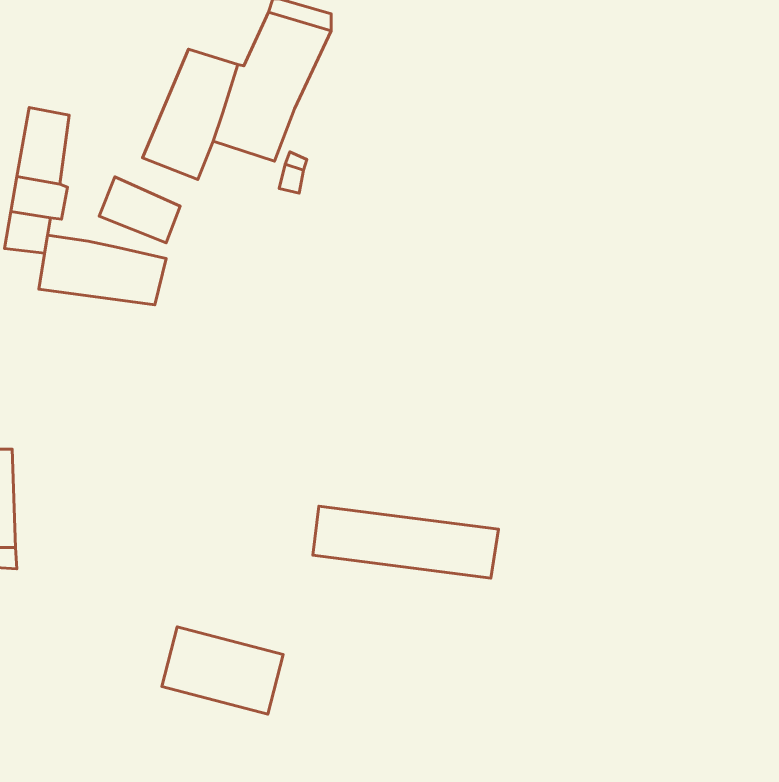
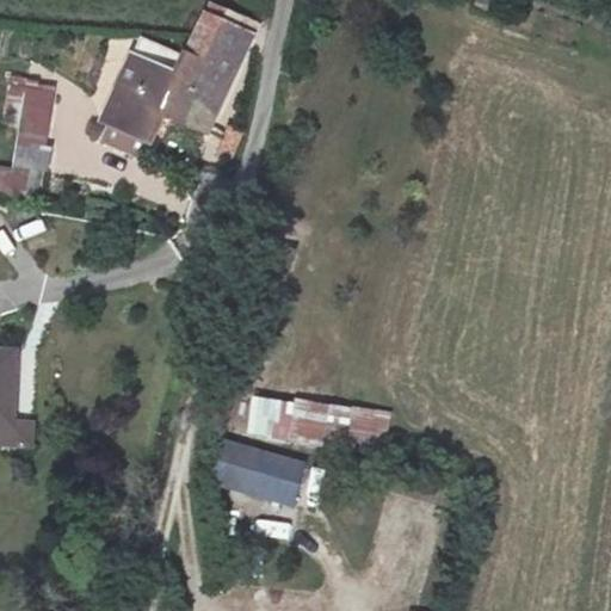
building: [99,177,180,243] -> none
building: [39,235,166,305] -> none
building: [162,627,283,714] -> [209,440,303,508]

